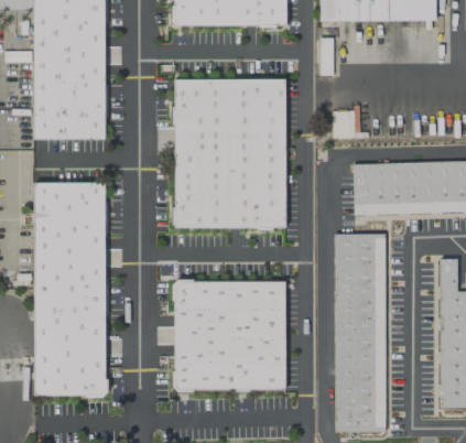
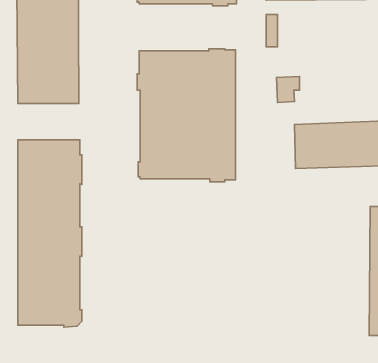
building: [334,234,384,431] -> none
building: [172,279,285,392] -> none

